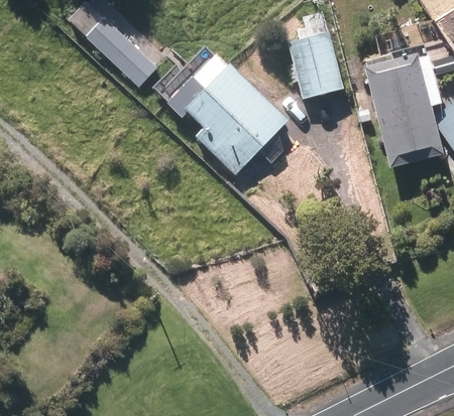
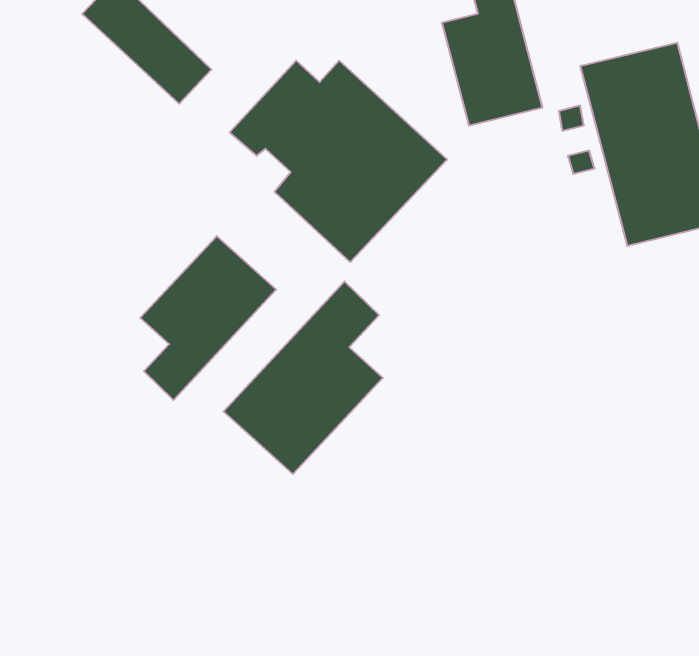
building: none -> [140,236,276,400]
building: none -> [224,281,383,474]

